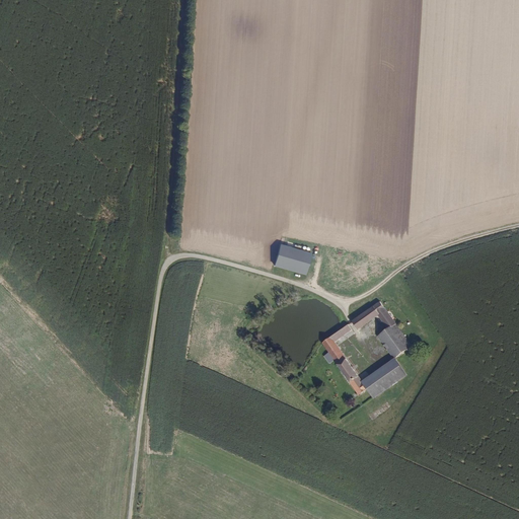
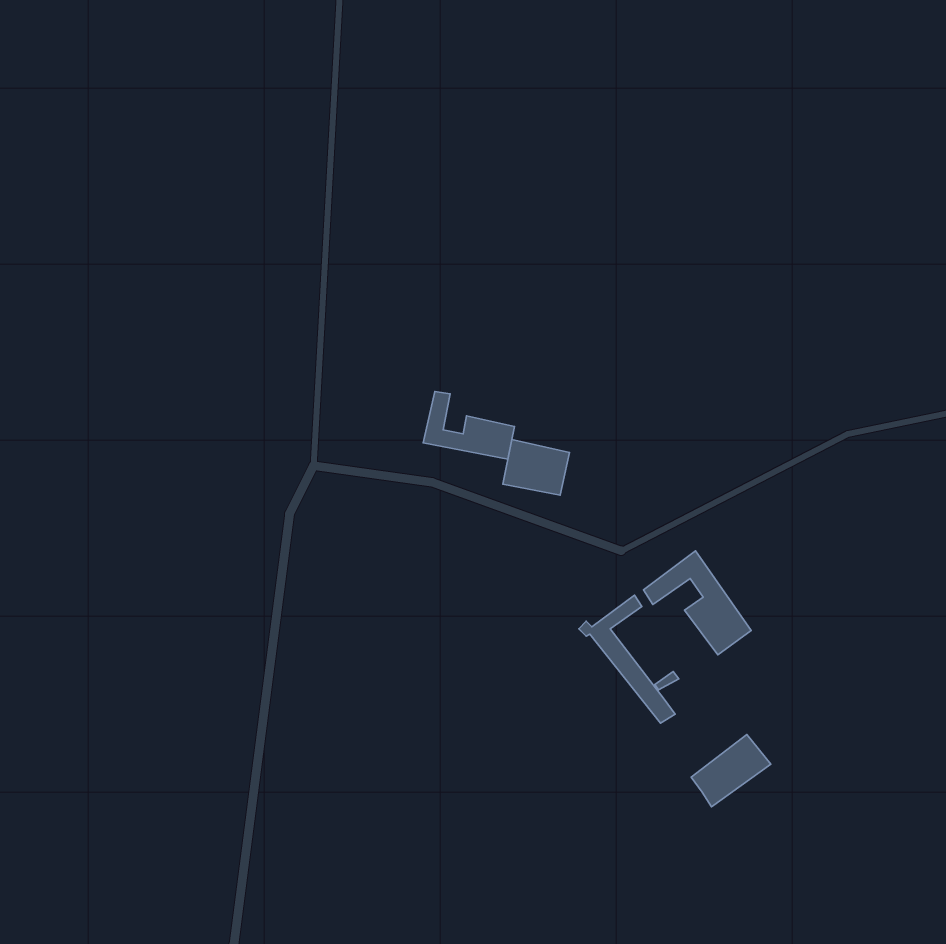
building: none -> [423,392,515,459]
building: [363,359,406,398] -> [691,735,771,807]

